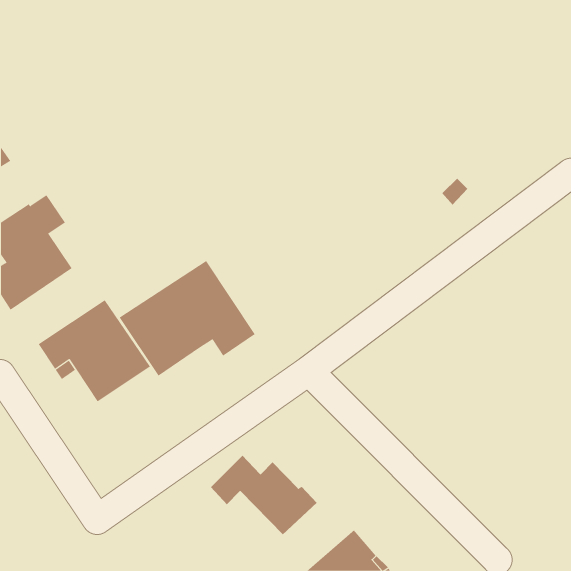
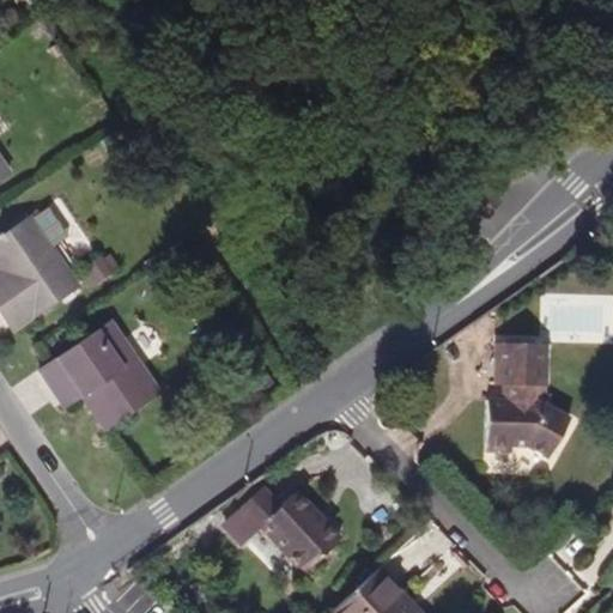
building: [119,260,256,376] -> none
building: none -> [485,345,569,457]

